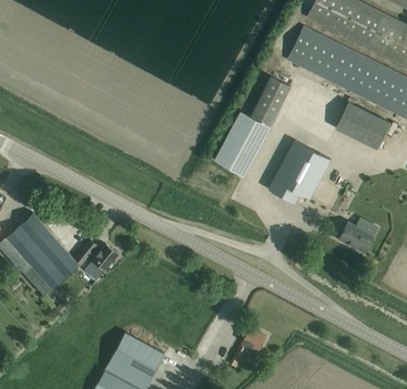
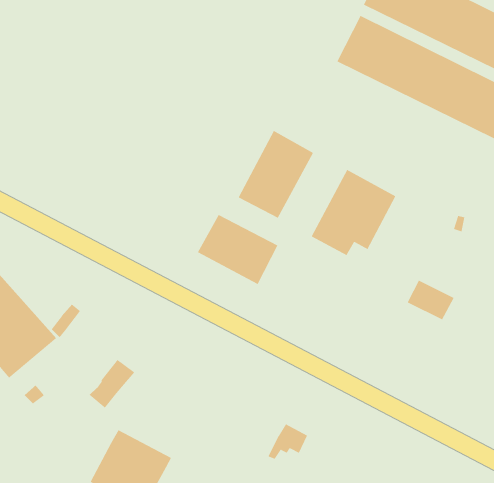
building: [252,74,291,124] -> none
building: [336,101,390,149] -> none
building: none -> [197,214,278,285]
building: [84,244,119,280] -> [89,359,135,408]

